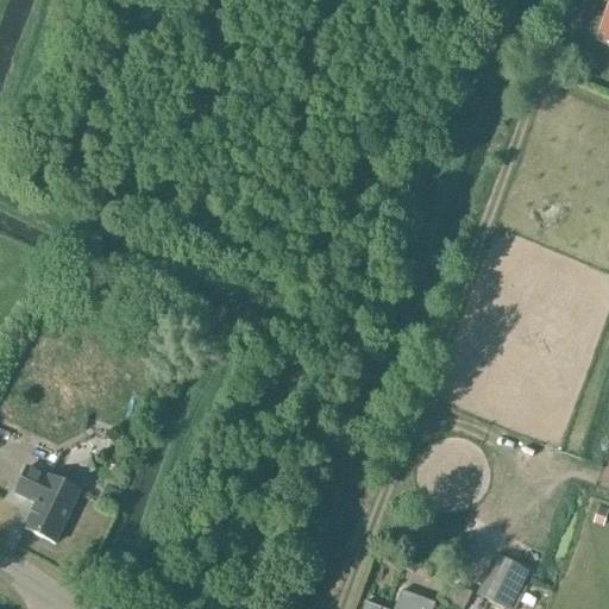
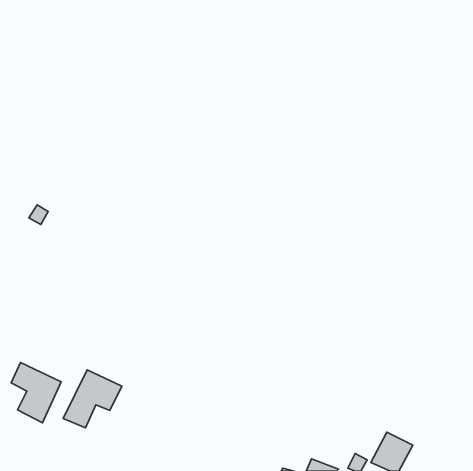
building: none -> [63,370,122,428]

